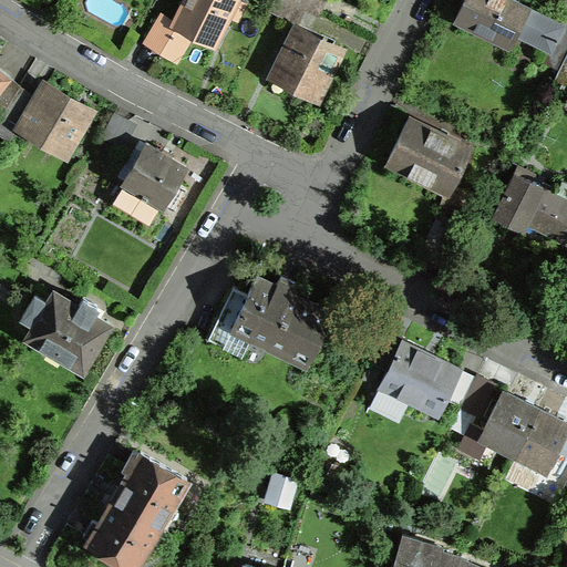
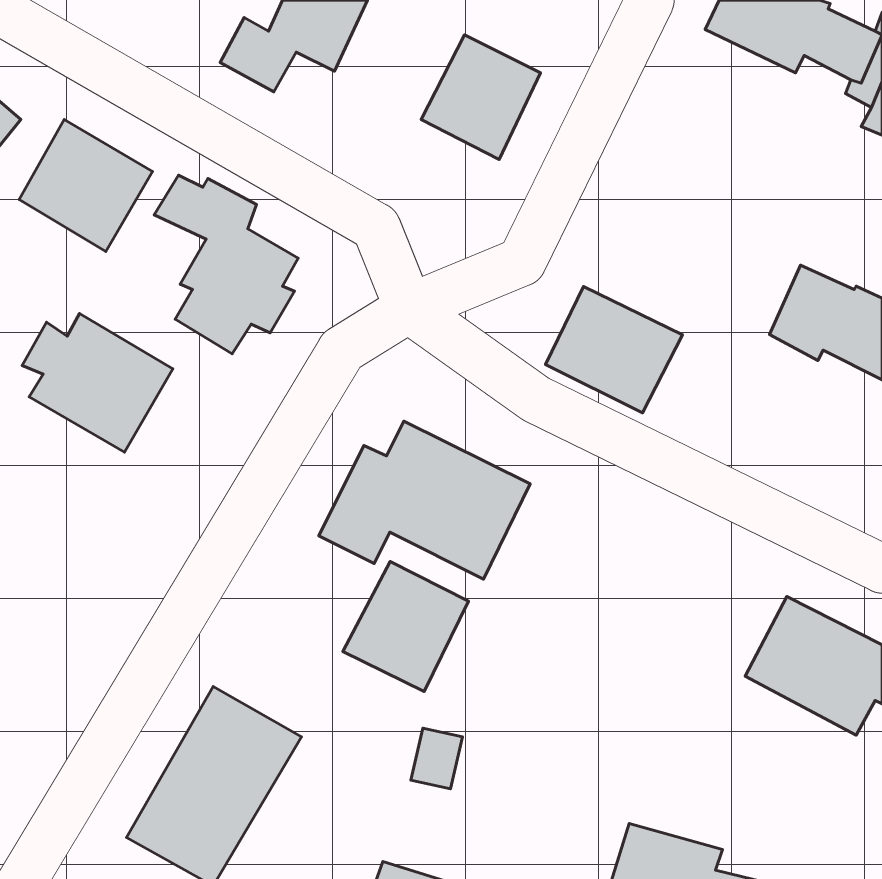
building: [385,117,473,198] -> [545,286,682,413]
building: [18,291,114,380] -> [22,313,173,452]
building: [368,326,466,421] -> none
building: none -> [343,562,469,691]

